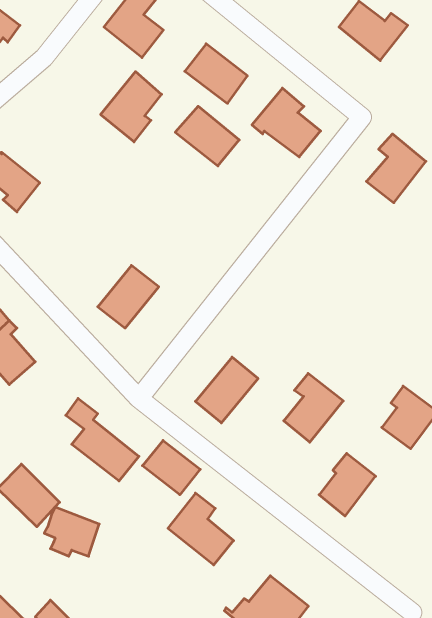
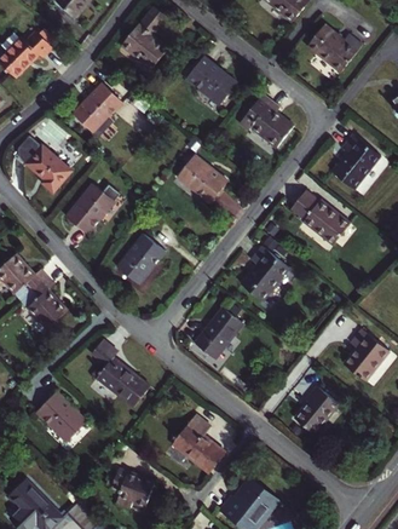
building: [101,72,162,142] -> [73,80,121,136]
building: [175,106,239,166] -> [177,156,227,203]
building: none -> [65,184,114,235]
building: none -> [293,189,352,245]
building: [284,373,343,442] -> [243,246,290,300]
building: [142,440,200,495] -> none
building: [44,507,99,556] -> [111,468,155,507]

